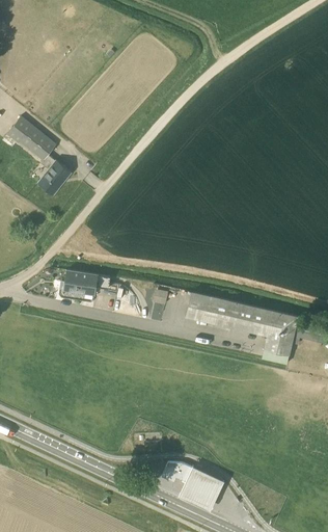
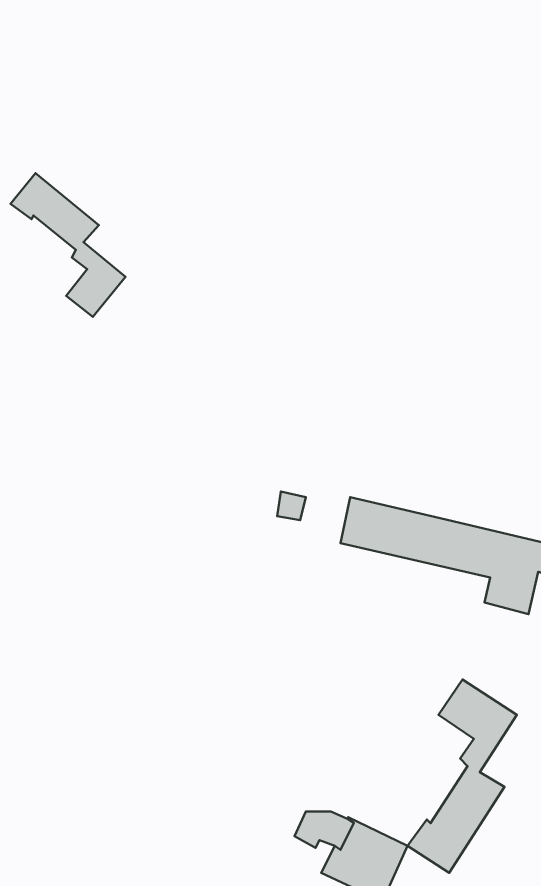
building: [50,270,97,296] -> none
building: none -> [408,679,517,873]

